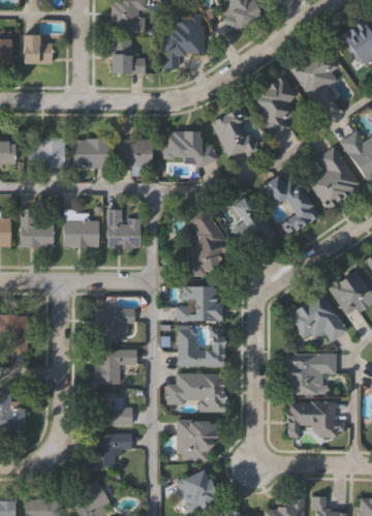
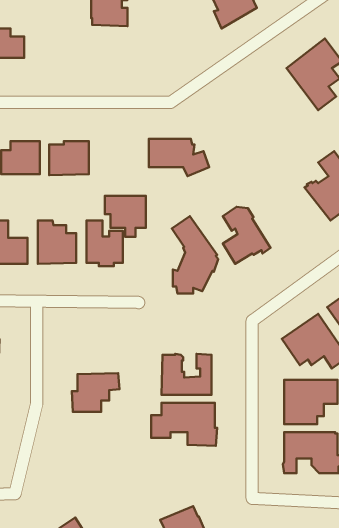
building: [165,14,207,70] -> none
building: [112,39,147,71] -> none
building: [250,73,299,138] -> none
building: [212,104,269,157] -> none
building: [115,138,152,175] -> [105,196,146,237]
building: [262,176,318,235] -> none
building: [176,286,223,323] -> none
building: [95,308,135,345] -> none
building: [96,392,133,424] -> none
building: [178,418,220,458] -> none
building: [93,432,132,465] -> none

